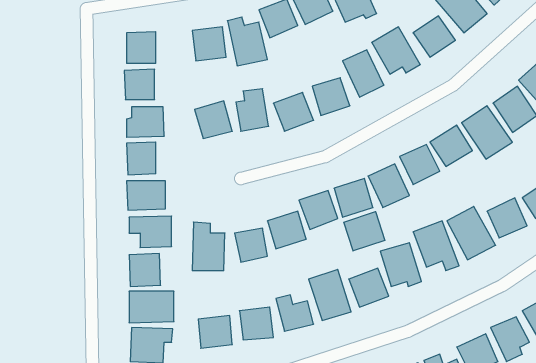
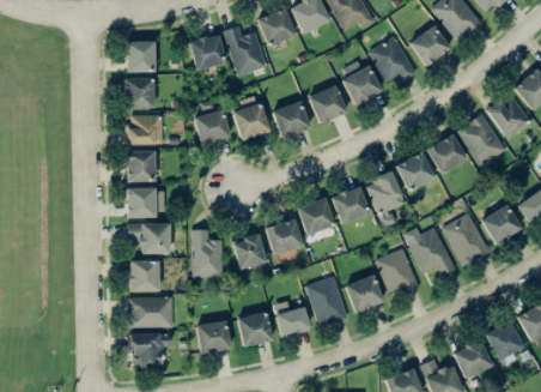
building: [344,212,385,251] -> none

